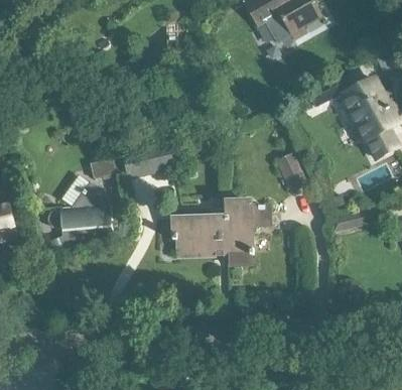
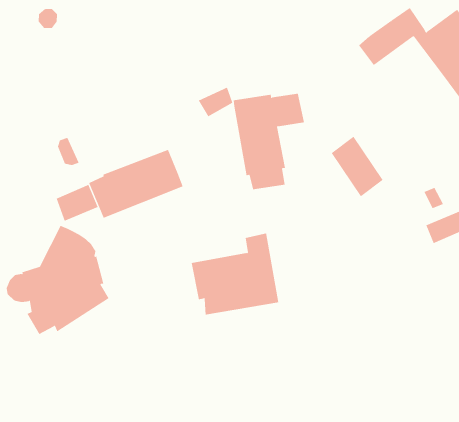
building: [226,203,271,264] -> [233,93,305,190]

